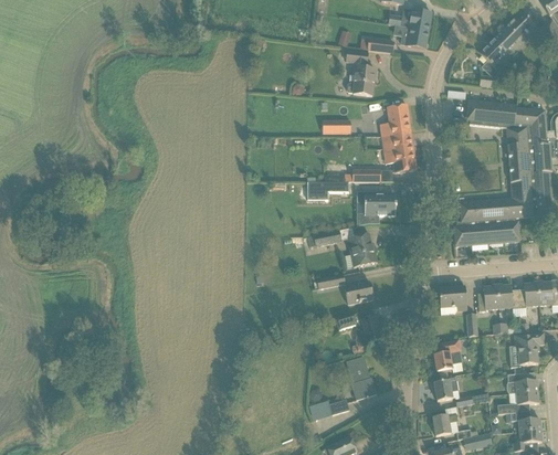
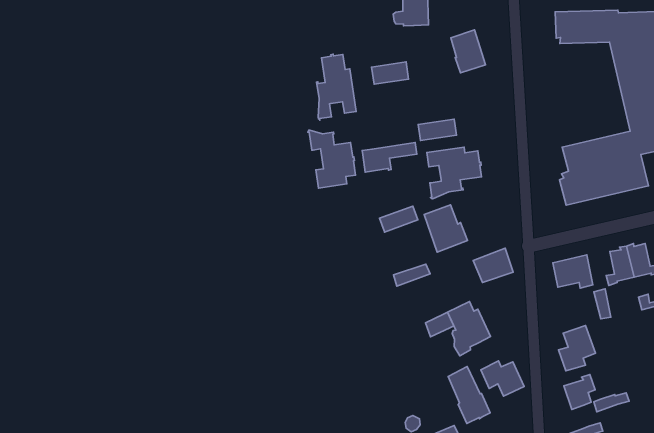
building: none -> [317,54,356,120]
building: [389,131,415,172] -> none
building: none -> [308,130,355,188]
building: [344,281,372,304] -> [473,248,513,282]
building: none -> [481,361,524,396]

